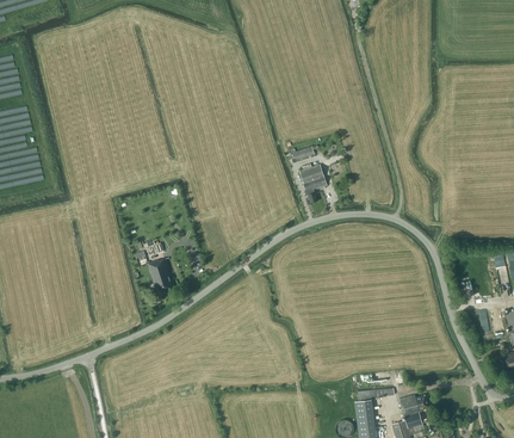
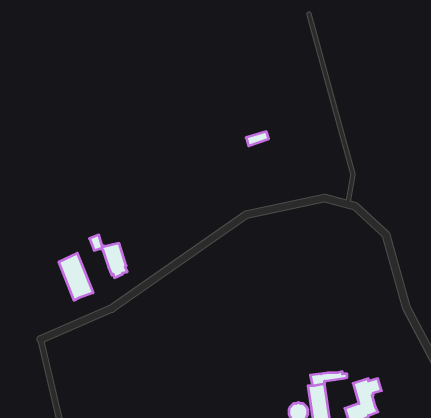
building: [299,164,327,203] -> none
building: none -> [59,253,93,300]

